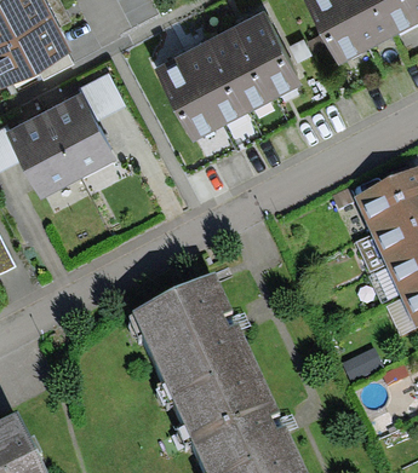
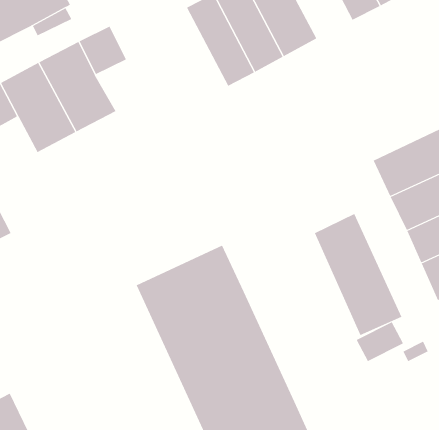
building: [153,54,218,142] -> none
building: none -> [314,213,402,336]

